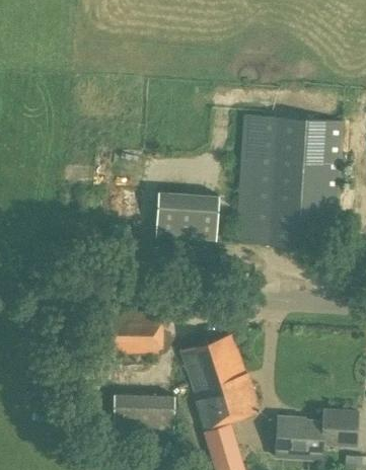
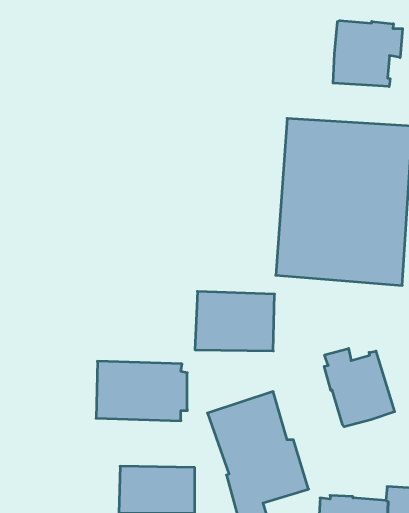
building: none -> [333,21,403,87]
building: [152,191,216,239] -> [195,291,275,351]
building: none -> [324,348,395,427]

